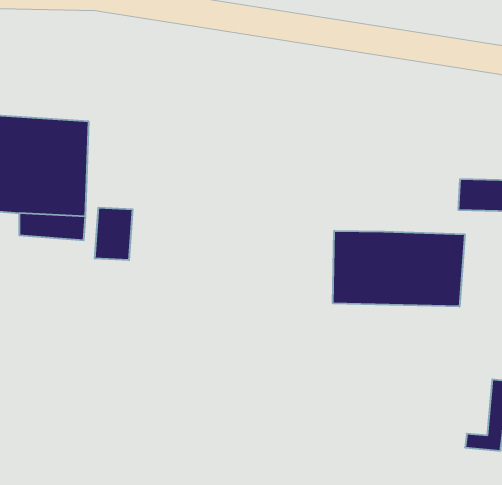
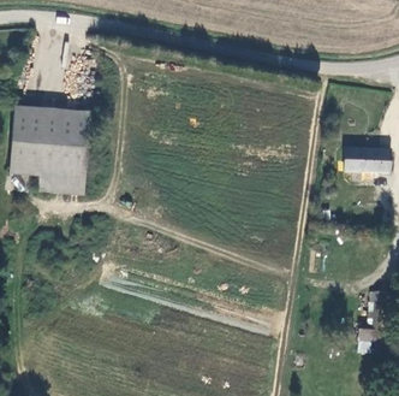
building: [95,208,133,260] -> none
building: [333,231,465,307] -> none

